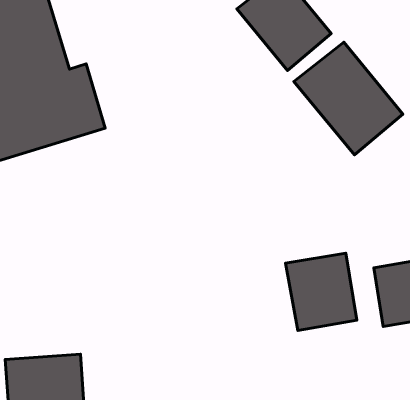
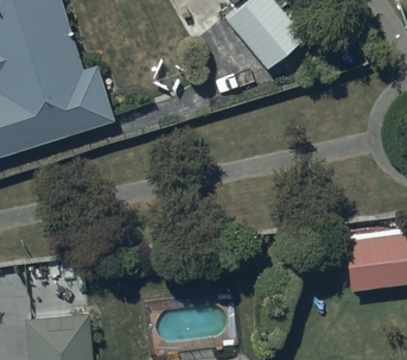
building: [294,42,403,155] -> none
building: [285,253,357,330] -> none

